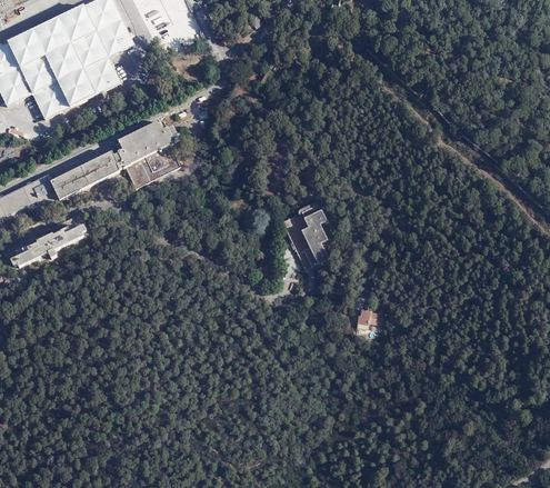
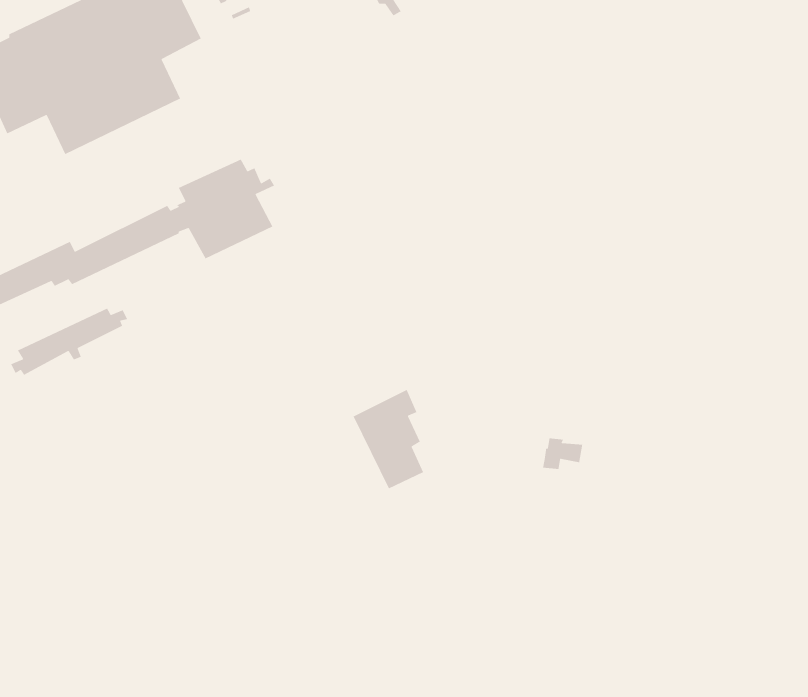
building: [283,201,330,267] -> [352,389,424,490]

